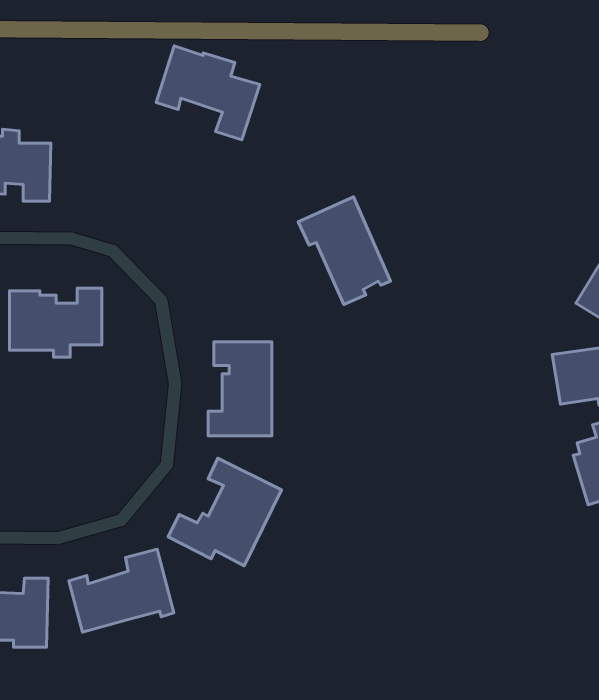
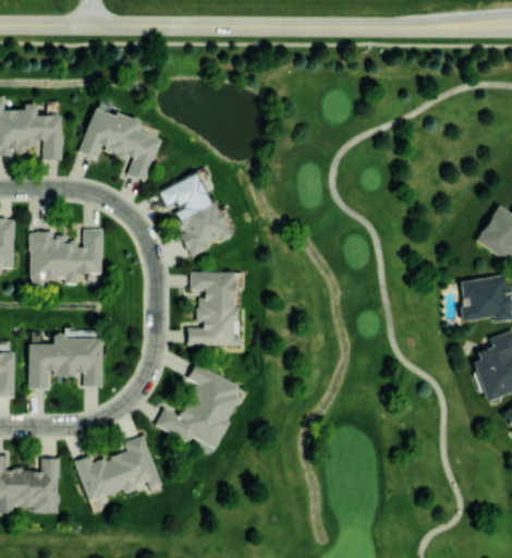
building: [156,46,260,140] -> [78,108,160,182]
building: [298,197,391,305] -> [156,171,229,256]
building: none -> [28,335,103,389]

